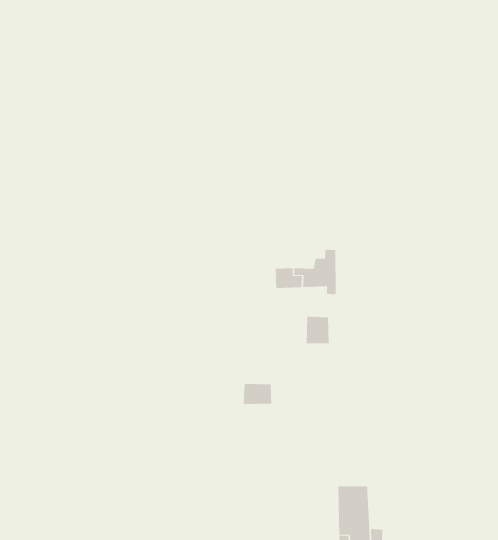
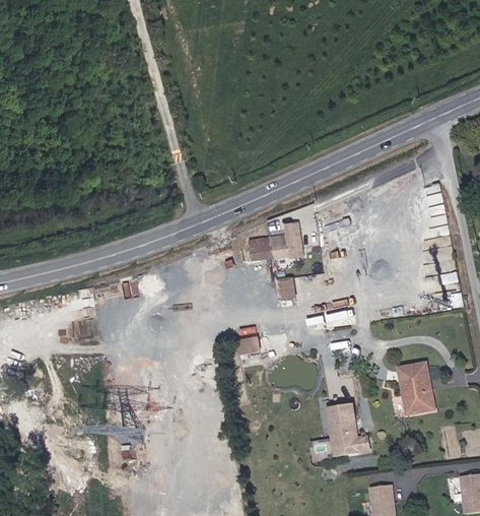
building: none -> [398,368,428,417]

